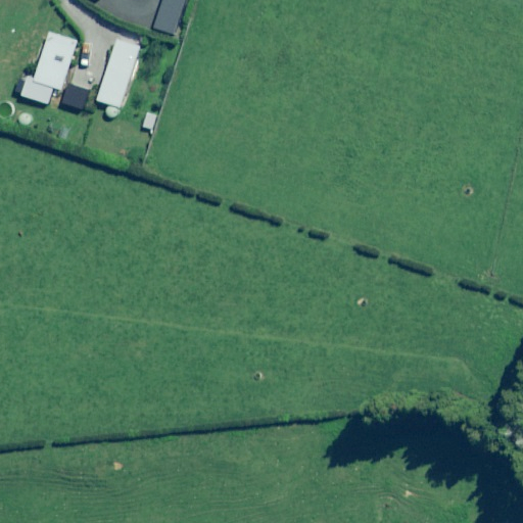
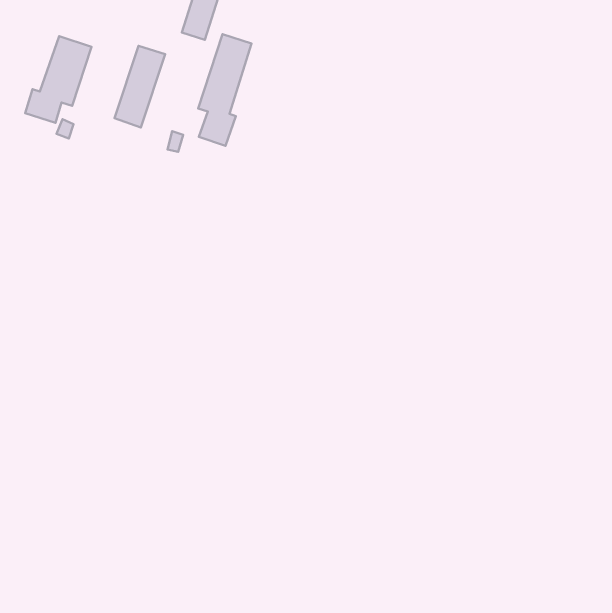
building: none -> [198,34,251,146]
building: [61,82,88,108] -> none

